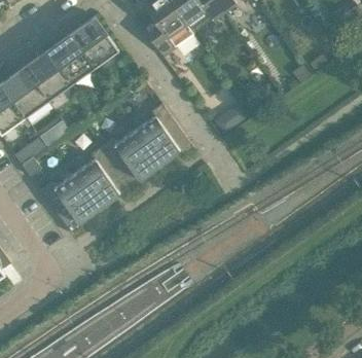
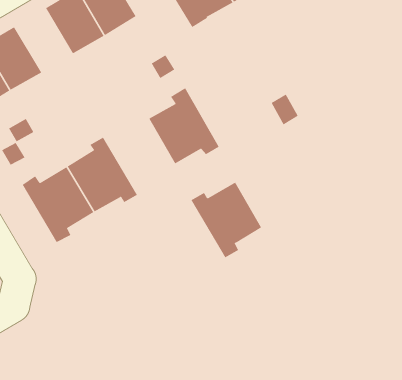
building: [23,50,70,101] -> none
building: [100,130,157,190] -> [191,182,262,258]

